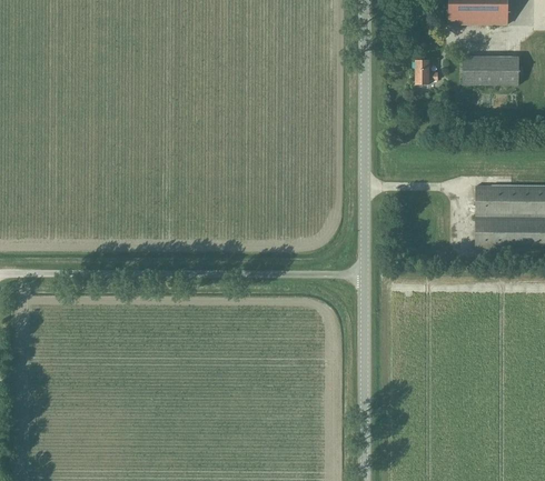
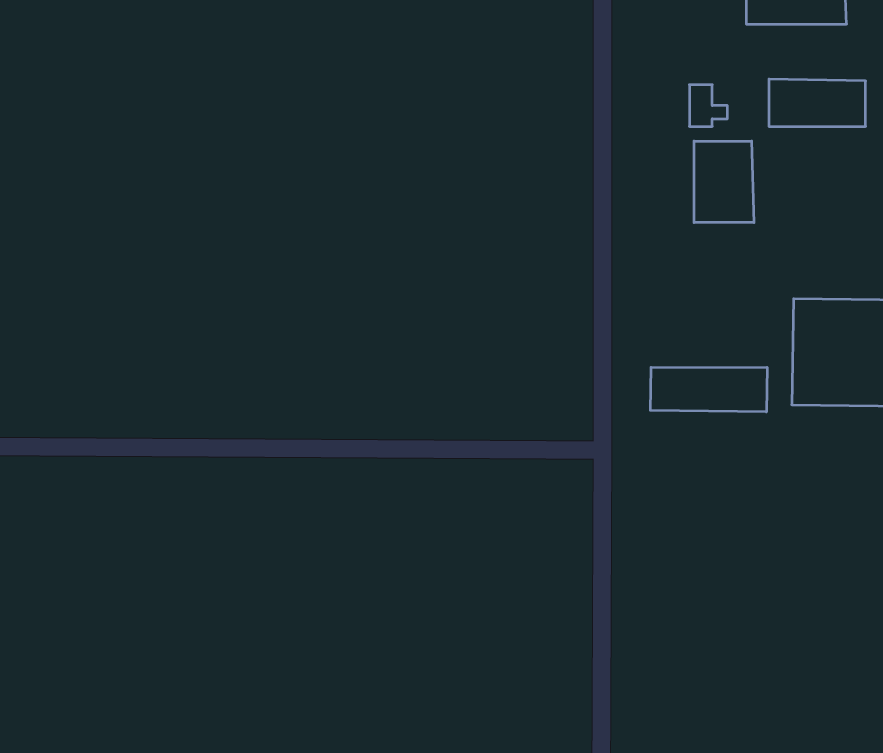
building: none -> [694,141,754,223]
building: none -> [650,367,767,412]

